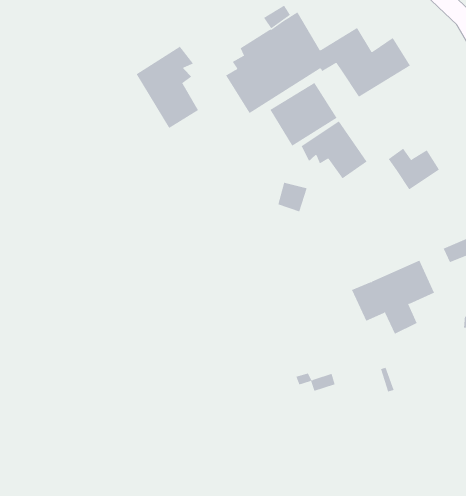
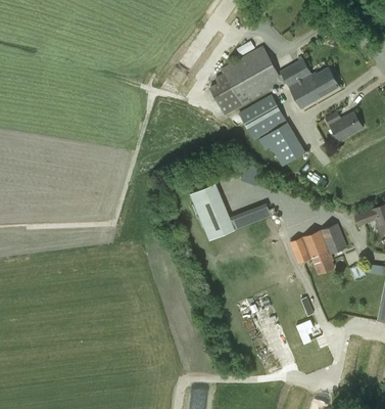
building: [136,46,199,129] -> none
building: [388,148,440,190] -> [325,110,360,140]
building: none -> [192,183,275,239]

